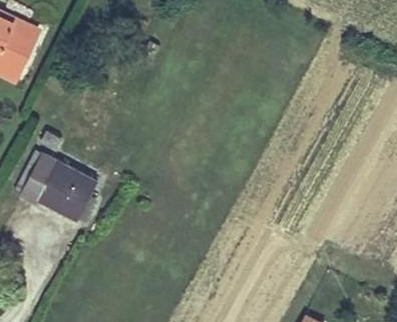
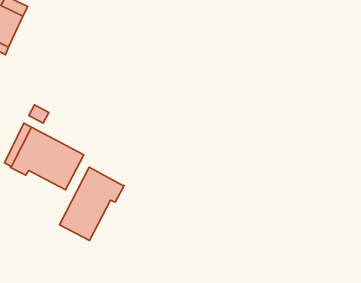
building: none -> [59,167,124,241]

